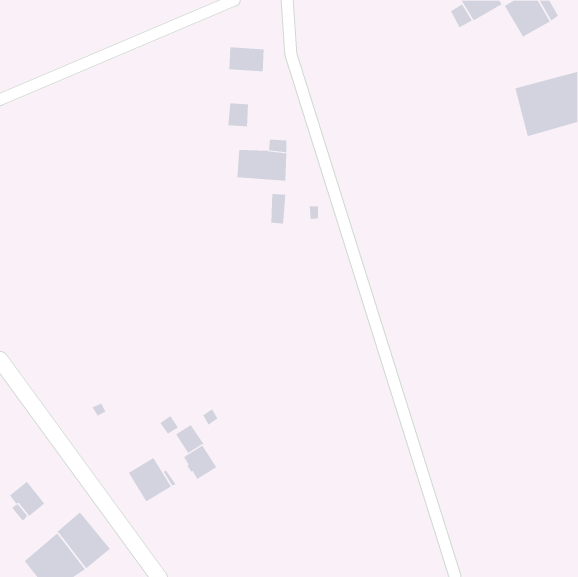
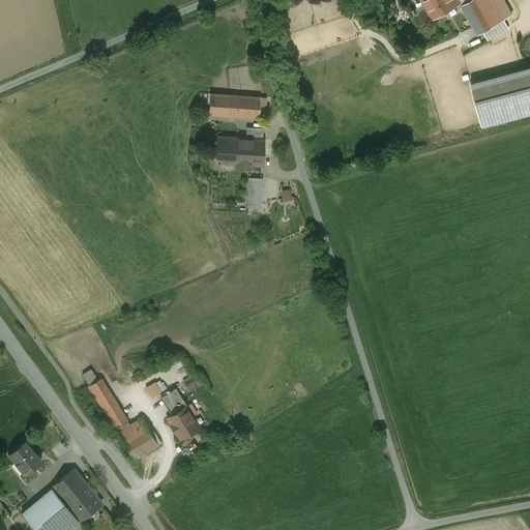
building: [228,47,265,72] -> [227,96,260,119]
building: none -> [88,380,127,430]

